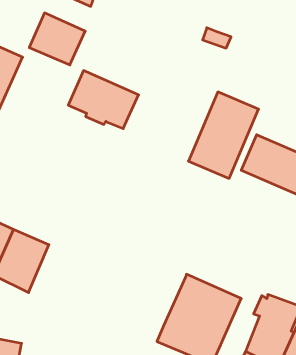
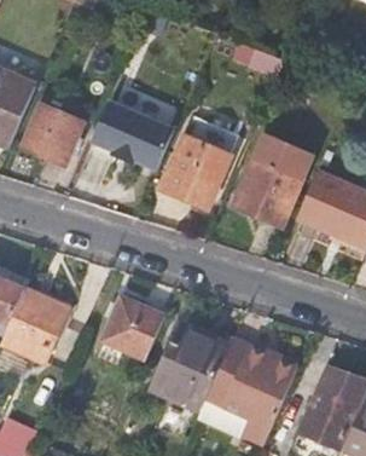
building: [29,13,85,65] -> [21,104,87,166]
building: none -> [164,117,242,210]
building: none -> [101,298,164,362]
building: none -> [150,322,231,411]

